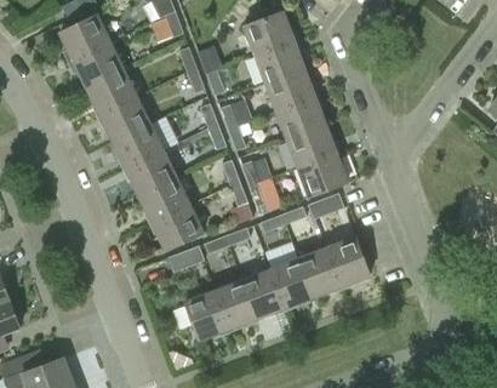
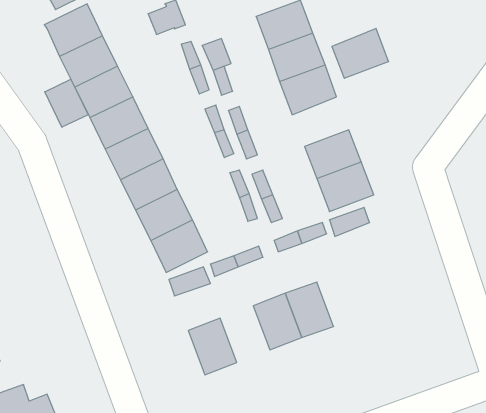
building: none -> [45,79,88,127]
building: [276,96,326,139] -> [332,28,389,78]
building: [298,236,370,297] -> none
building: [213,279,257,329] -> none

